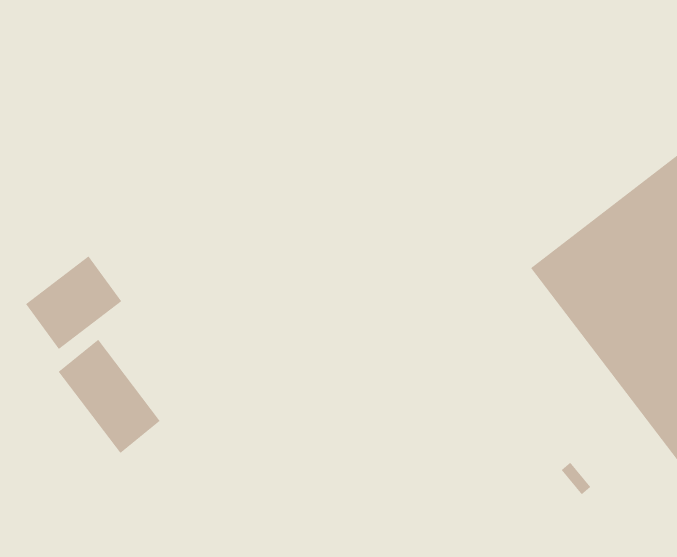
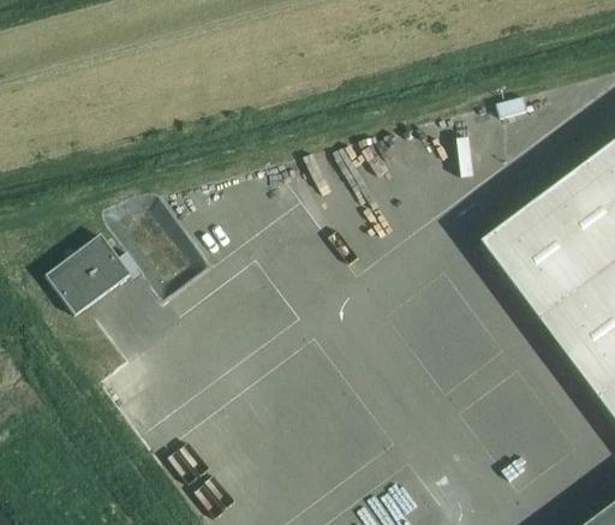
building: [58,339,161,454] -> none

